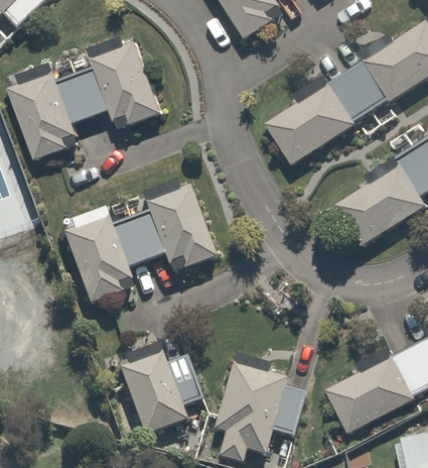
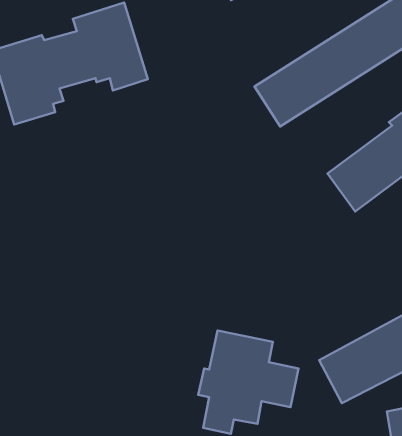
building: [64,186,215,306] -> none
building: [120,348,192,437] -> none

